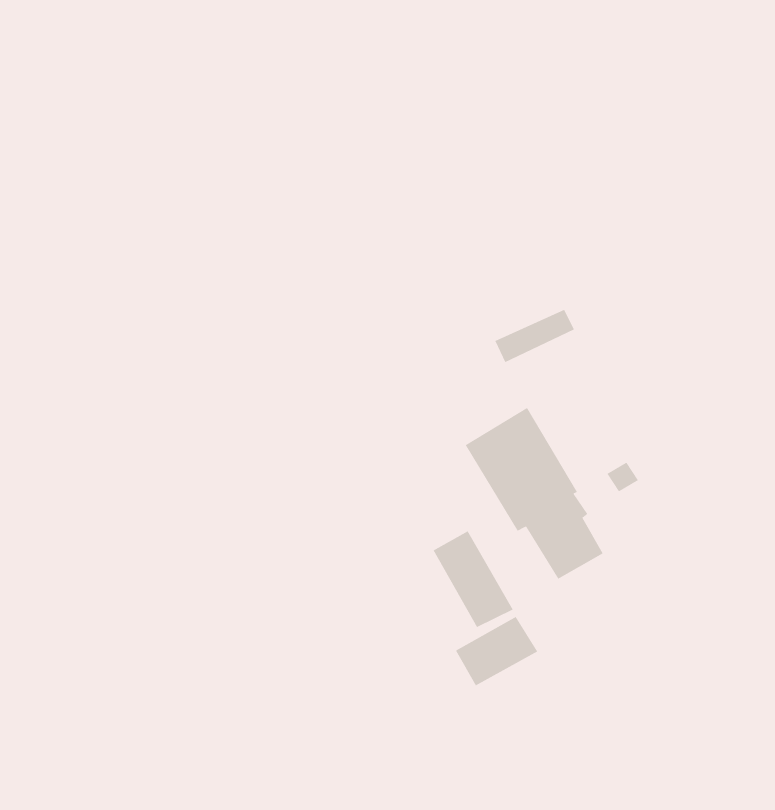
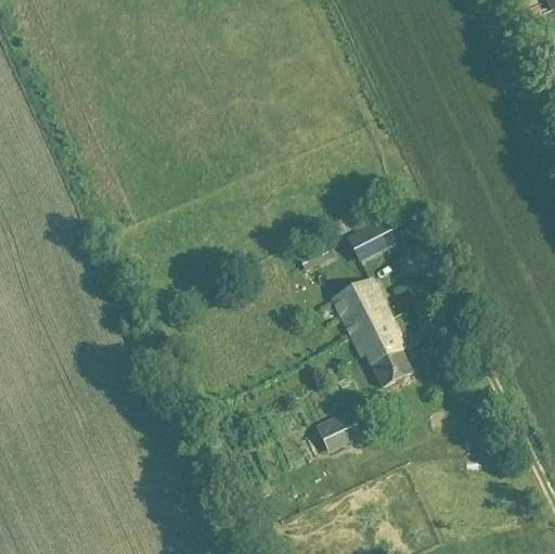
building: [433,530,513,628] -> none

